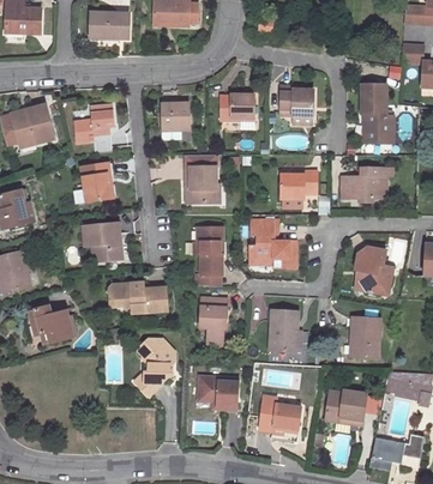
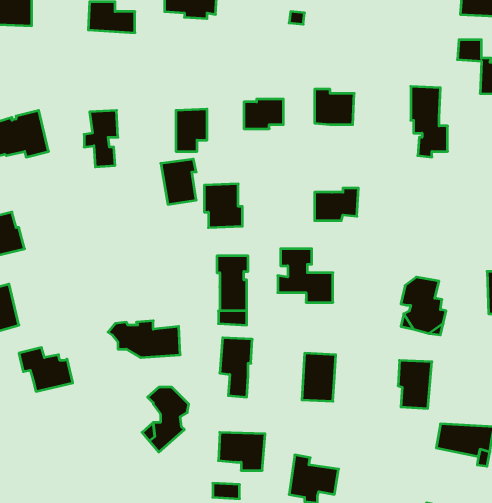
building: [82,163,112,201] -> [161,159,196,204]
building: [342,167,393,204] -> none
building: [83,223,121,262] -> none
building: [325,391,365,423] -> none

